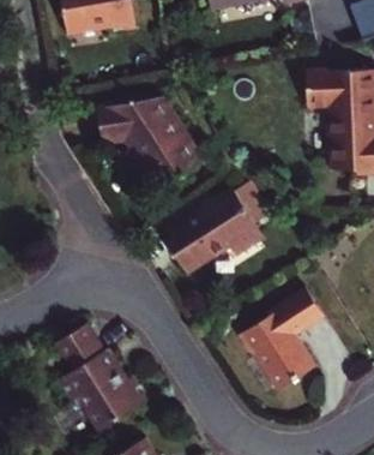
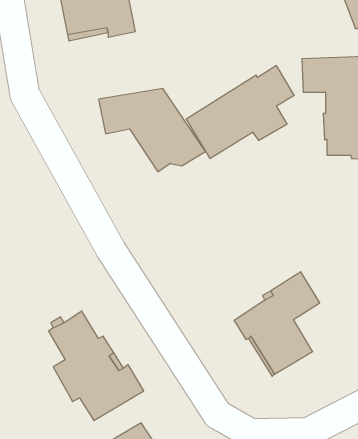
building: [162,179,271,273] -> [186,66,294,158]

